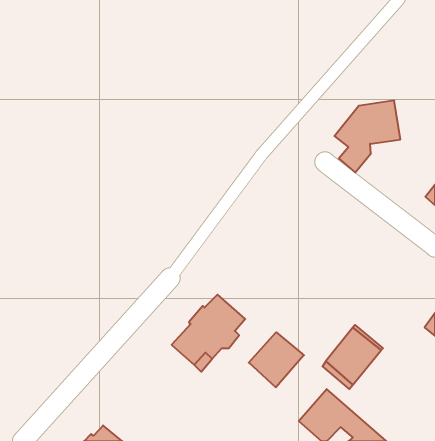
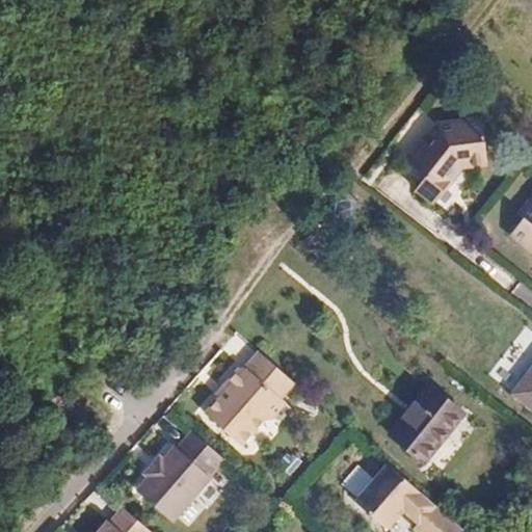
building: [249,332,304,387] -> none
building: none -> [136,432,224,523]

